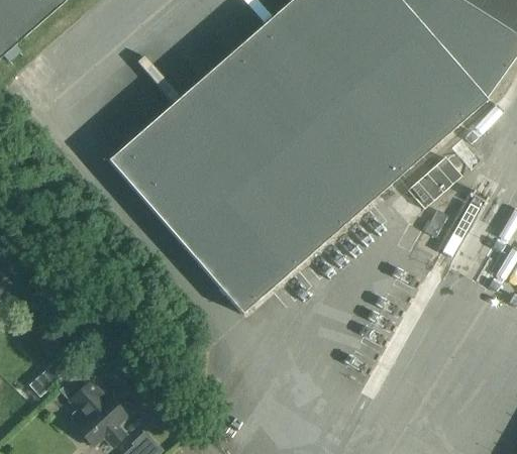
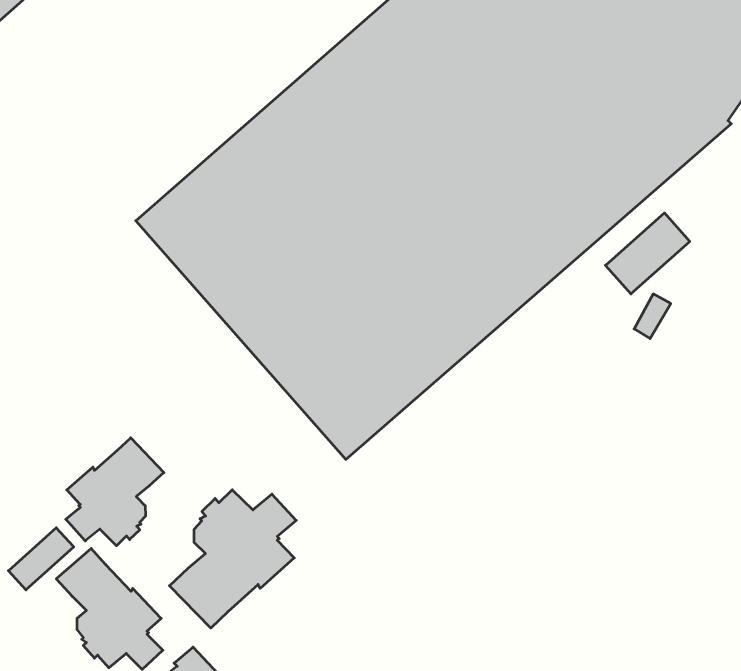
building: none -> [66,438,164,546]
building: none -> [169,490,296,628]

